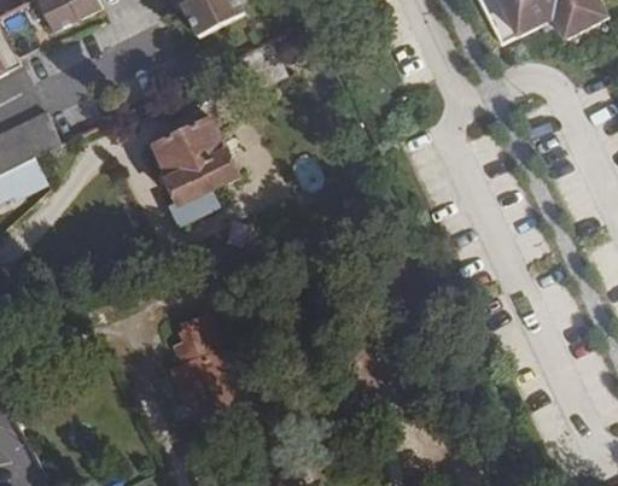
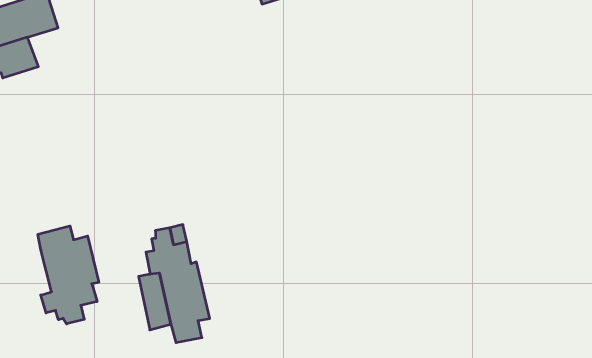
building: [151,117,238,221] -> none
building: none -> [38,226,99,324]

